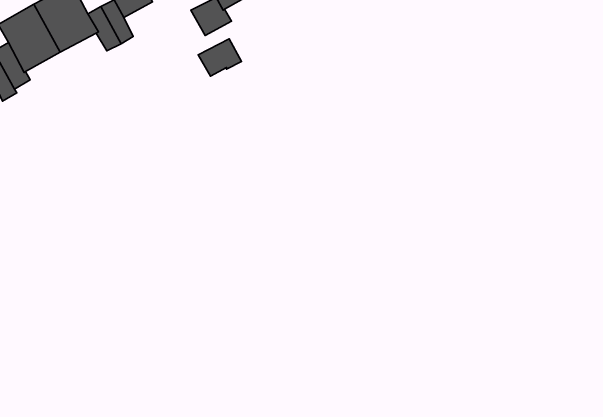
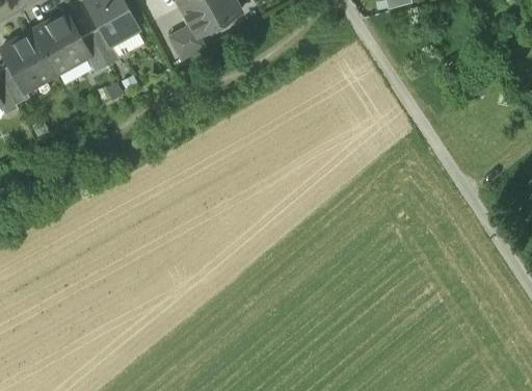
building: [198,39,241,76] -> none

